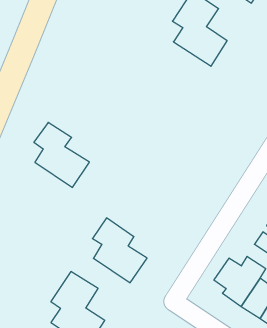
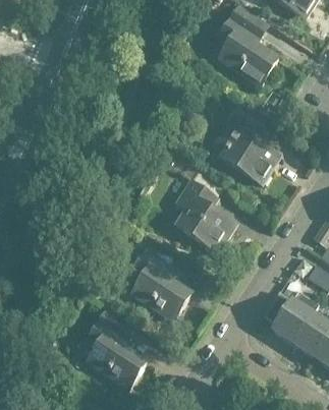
building: none -> [217,113,279,183]
building: [34,122,89,187] -> [175,181,235,251]

